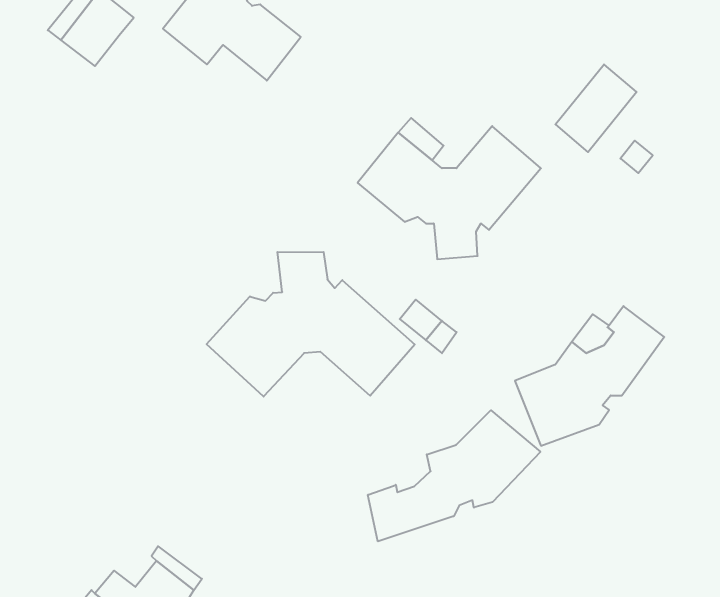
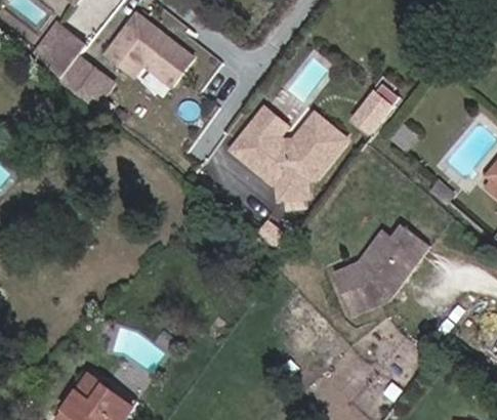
building: none -> [60,57,114,108]
building: [207,252,415,397] -> none
building: [368,410,540,541] -> none

